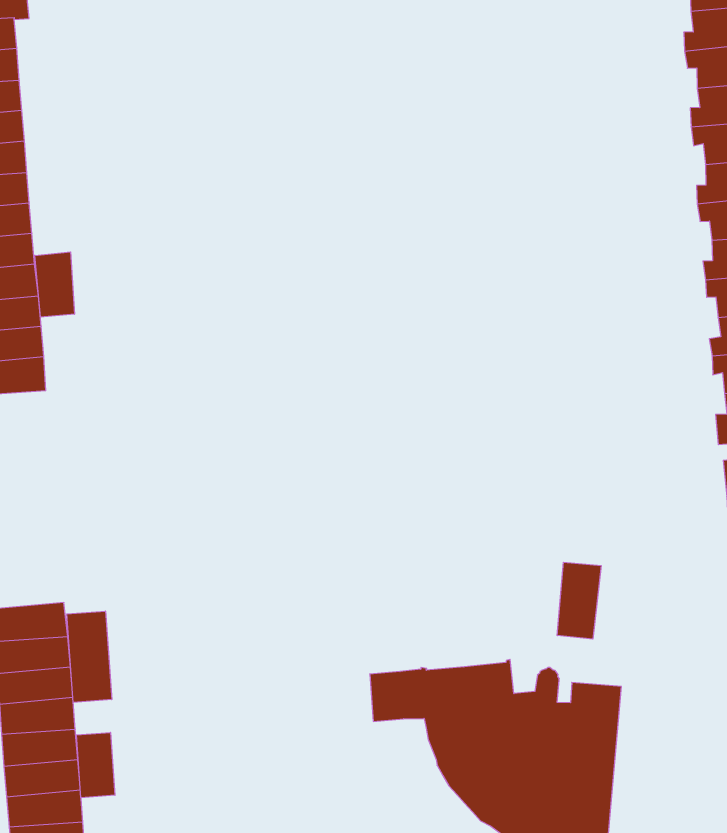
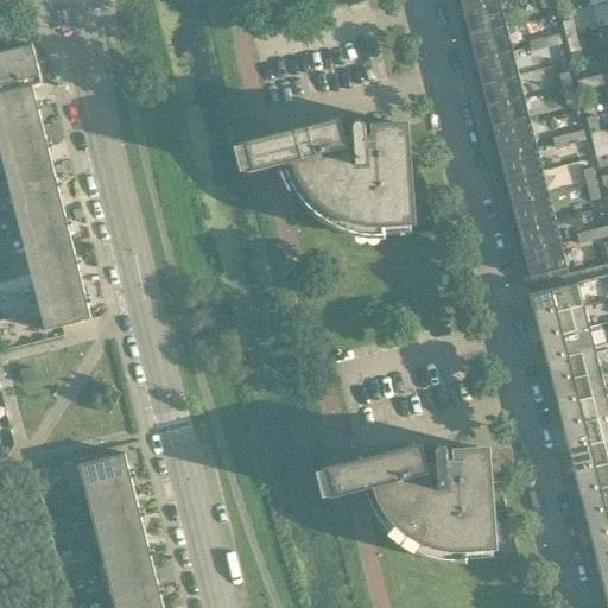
building: none -> [243,118,412,234]
building: [35,252,74,317] -> none
building: [557,562,601,639] -> none
building: [67,611,112,703] -> none
building: [76,732,115,798] -> none

